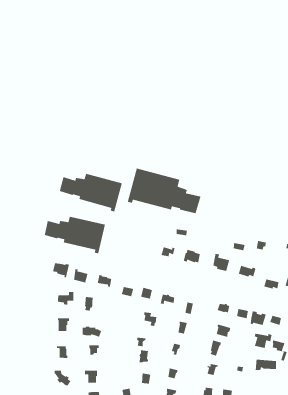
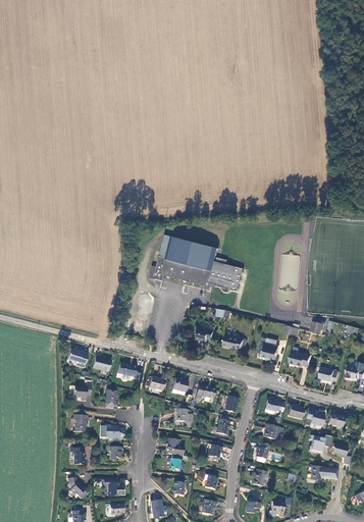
building: [59,173,123,213] -> none
building: [44,216,106,254] -> none

